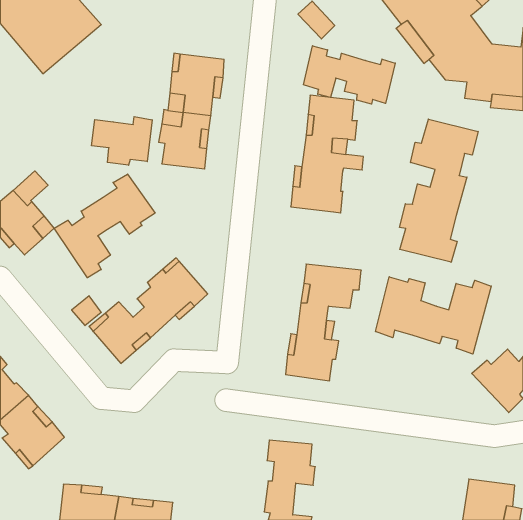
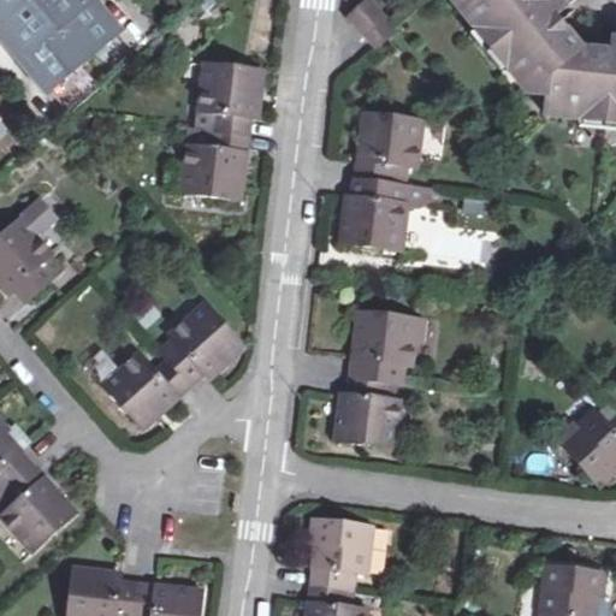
building: [303,46,395,104] -> none
building: [92,117,152,165] -> none
building: [400,119,478,262] -> none
building: [54,174,155,278] -> none
building: [376,277,491,354] -> none

